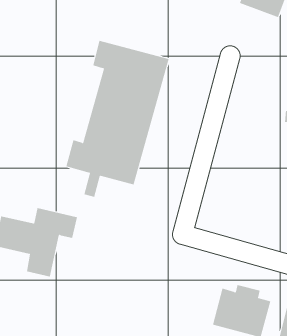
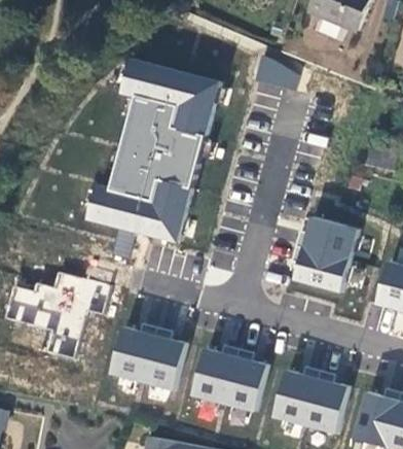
building: none -> [291,218,357,292]
building: none -> [112,324,184,390]
building: none -> [192,345,266,412]

